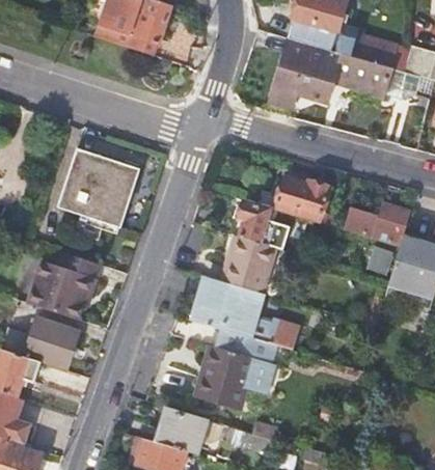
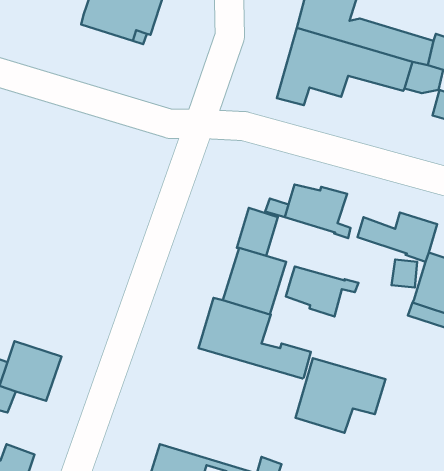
building: [58,147,139,226] -> none
building: none -> [286,266,358,316]
building: [29,251,102,317] -> none
building: [193,343,273,410] -> [295,358,386,433]

